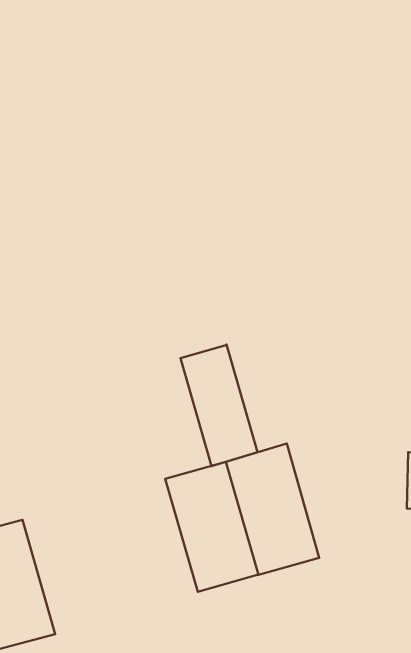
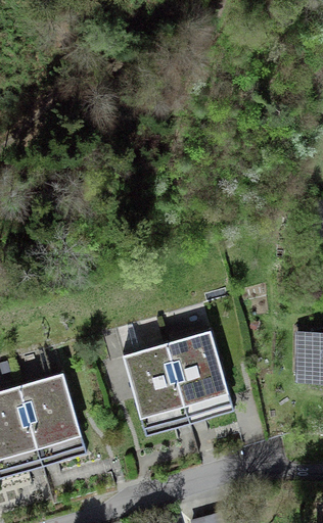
building: [180,344,258,466] -> none
building: none -> [18,372,86,467]

